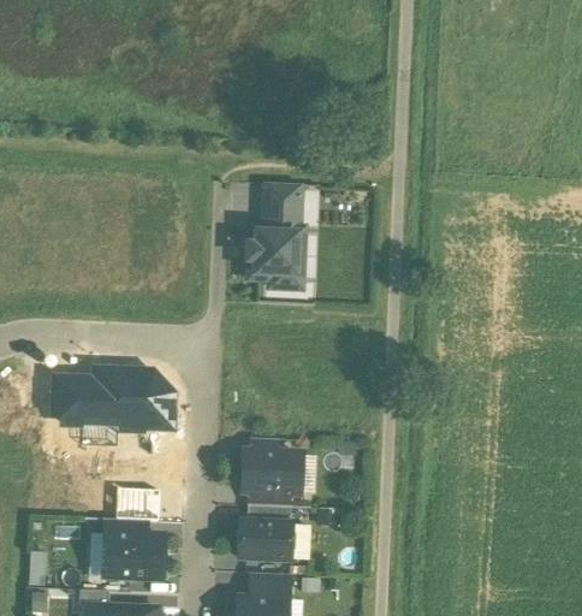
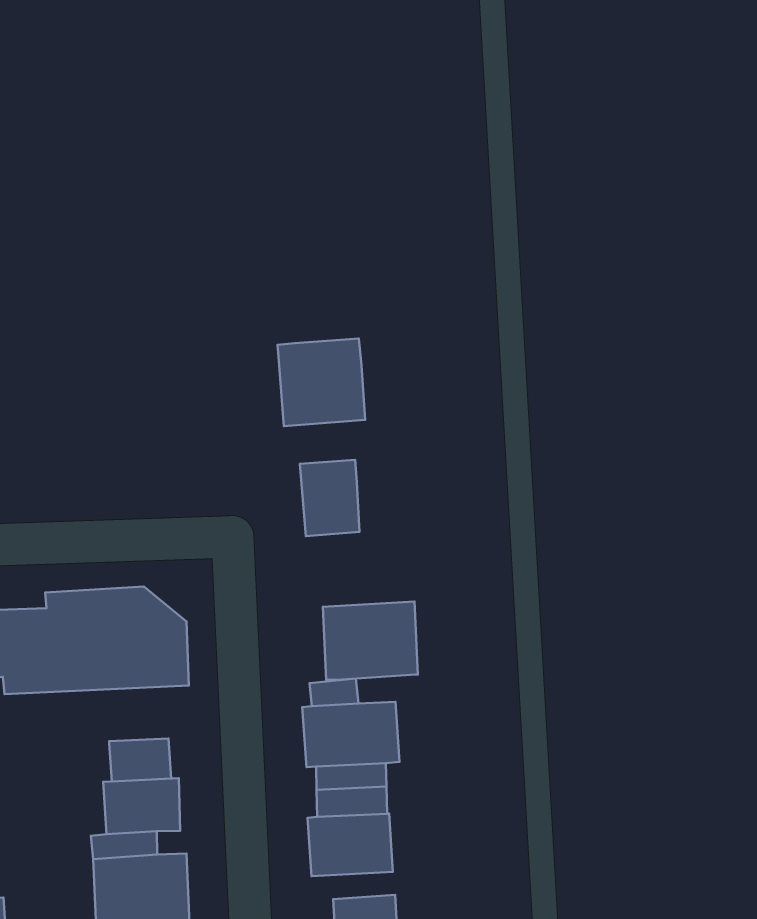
building: [261,186,302,231] -> none
building: none -> [300,460,359,536]
building: none -> [323,602,418,680]
building: none -> [109,738,171,782]

